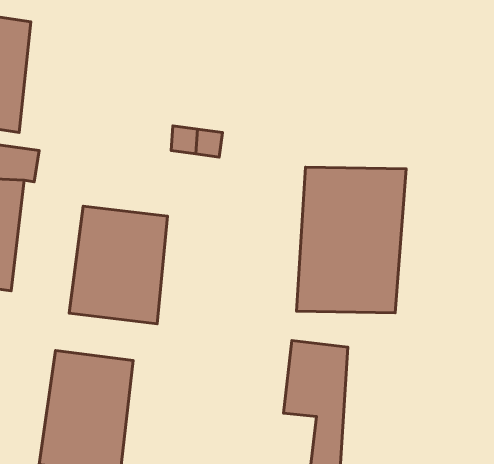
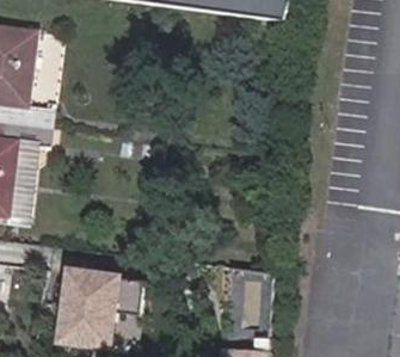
building: [296,167,406,313] -> none
building: [69,206,168,324] -> none

